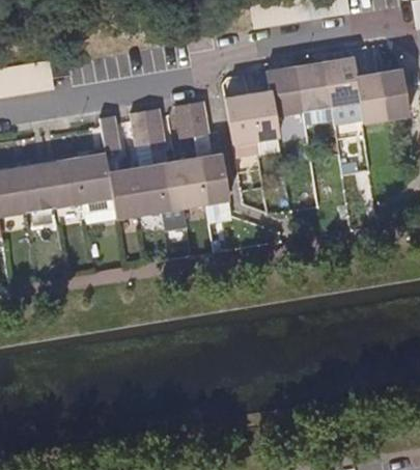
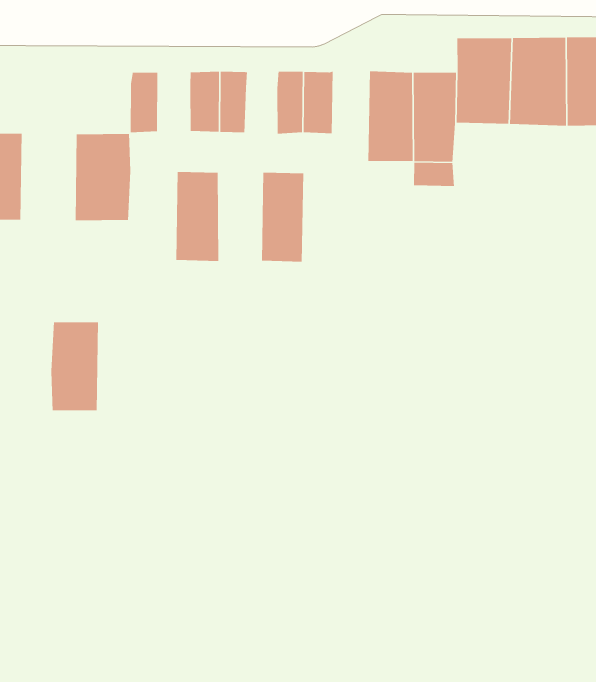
building: [200,154,231,204] -> none
building: [50,158,85,208] -> none
building: [156,161,186,212] -> none
building: [110,168,141,219] -> [51,322,99,411]

